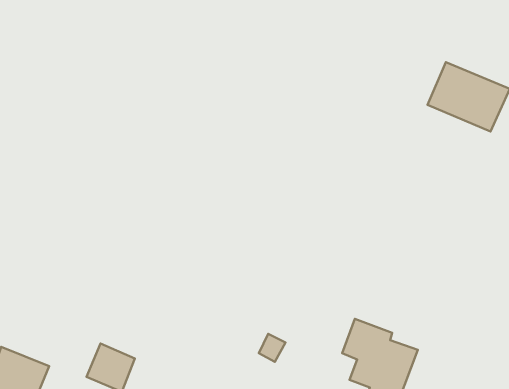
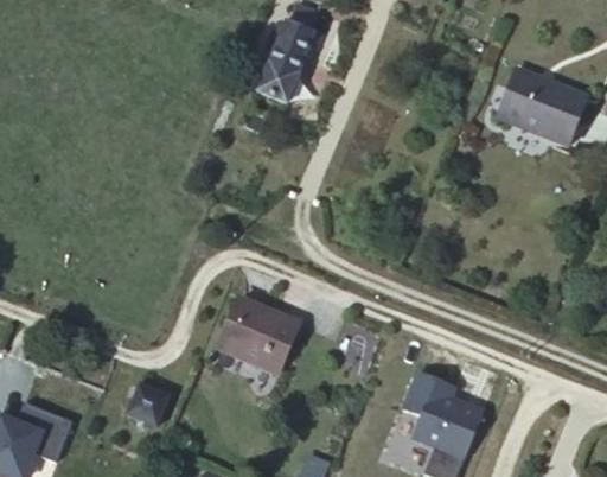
building: none -> [255,27,318,110]
building: none -> [226,309,309,382]

